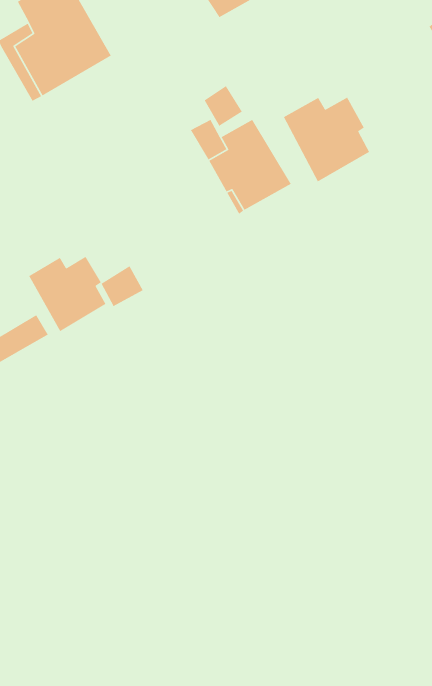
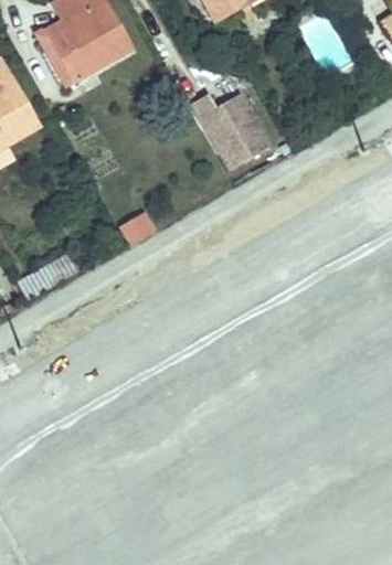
building: [283,97,370,182] -> none
building: [28,256,107,332] -> none

